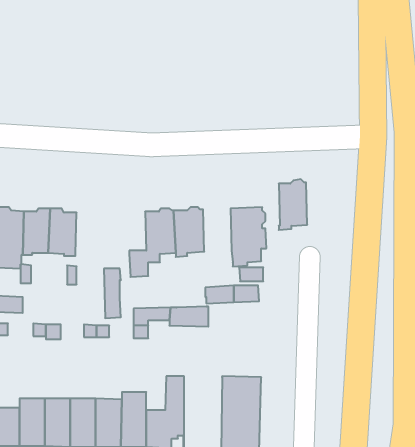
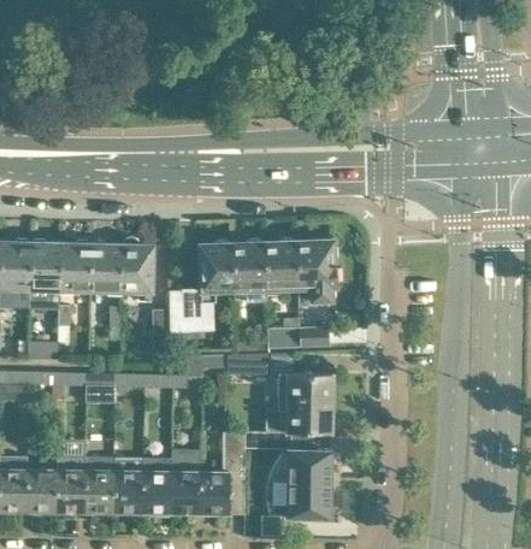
building: [279,179,307,230] -> [265,237,297,295]
building: none -> [119,237,151,301]
building: none -> [265,374,332,433]

